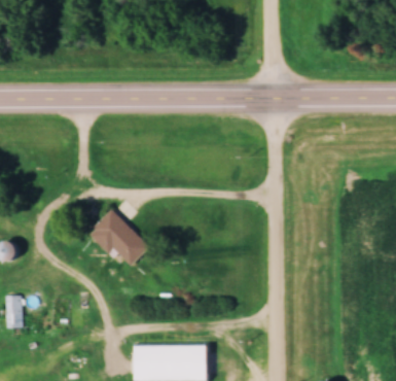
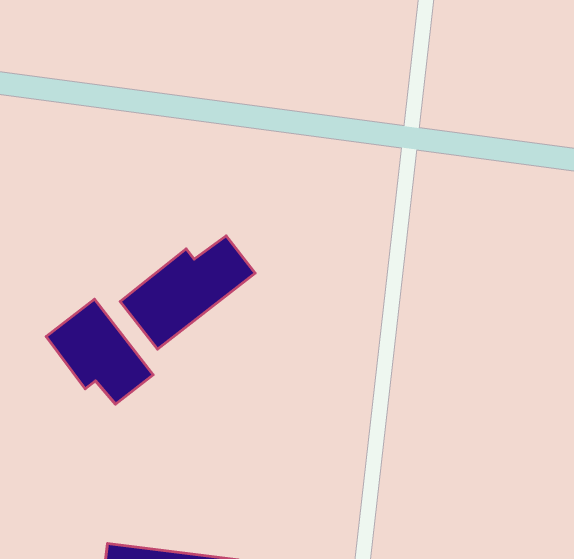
building: none -> [120,236,255,349]

